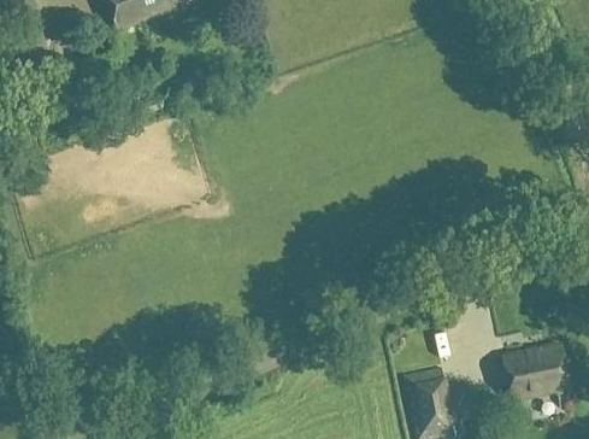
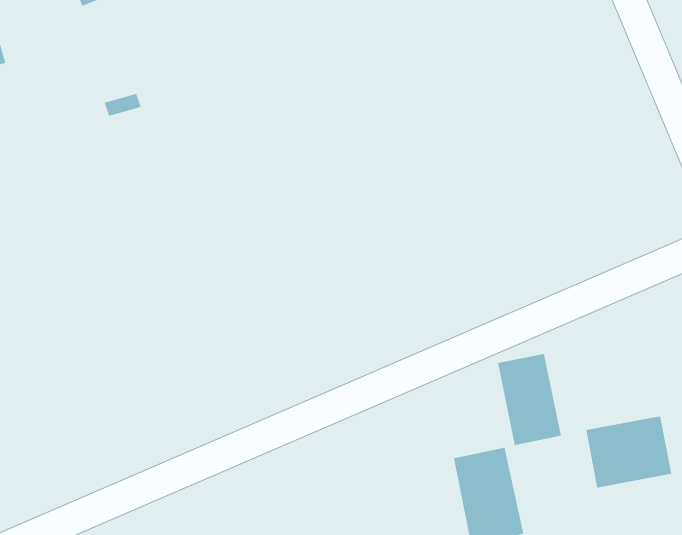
building: none -> [497,353,561,446]

